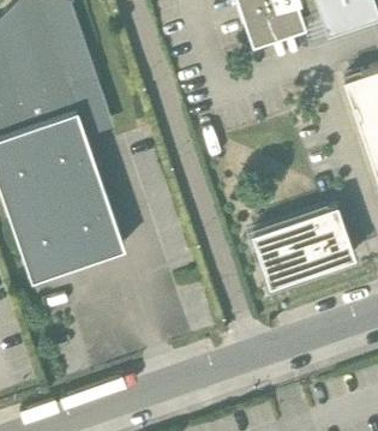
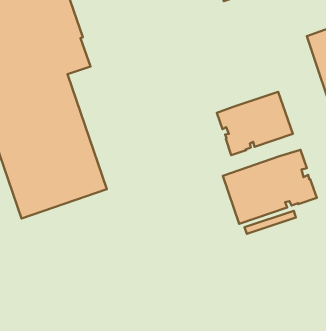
building: none -> [217,92,293,155]

